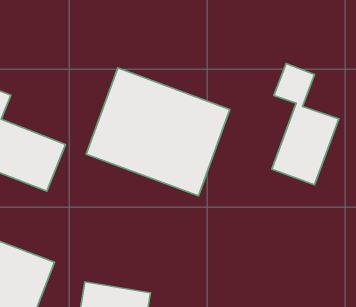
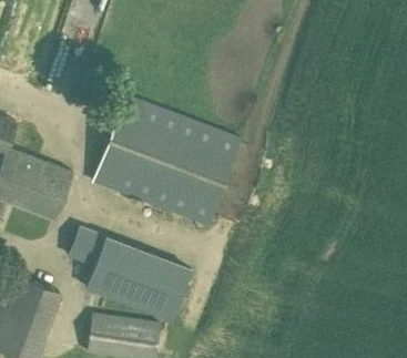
building: [272,63,339,185] -> none
building: none -> [68,228,192,323]

